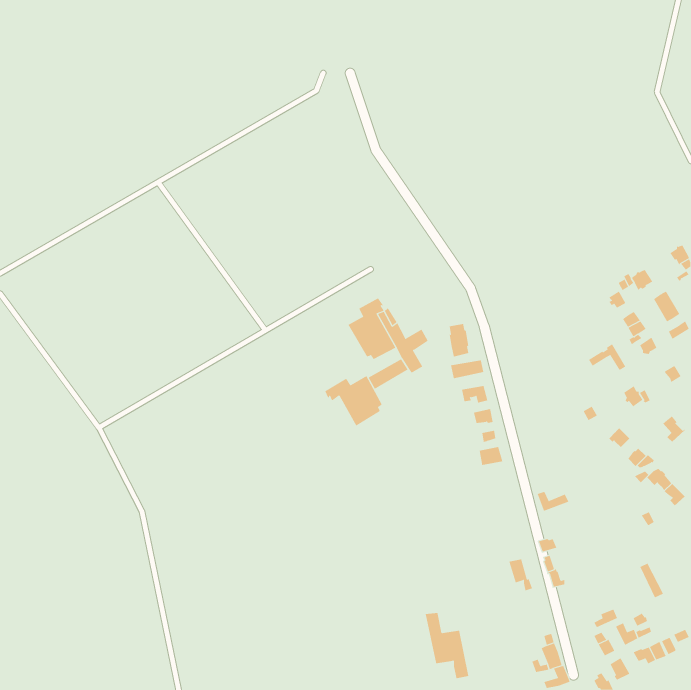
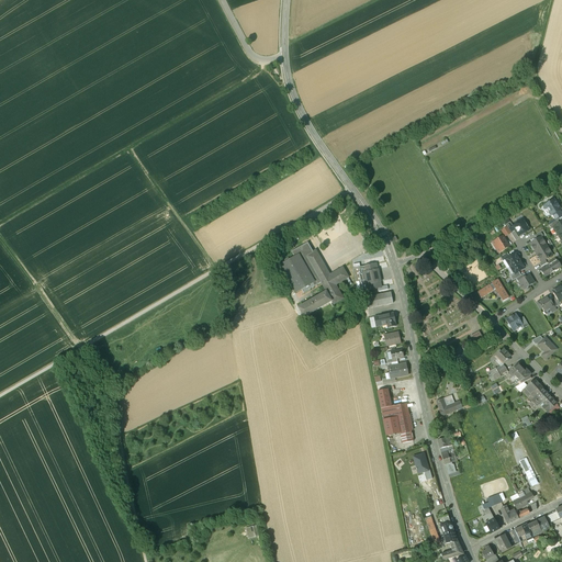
building: [324,375,382,426] -> none
building: [425,612,469,679] -> [376,389,413,442]

